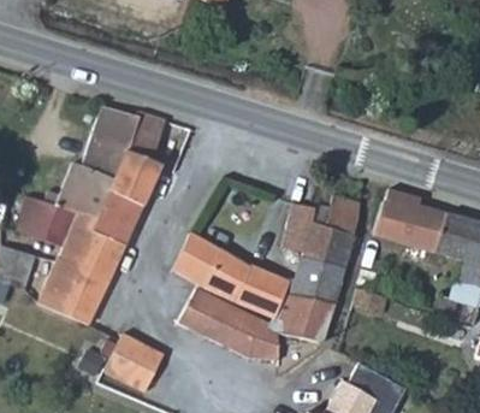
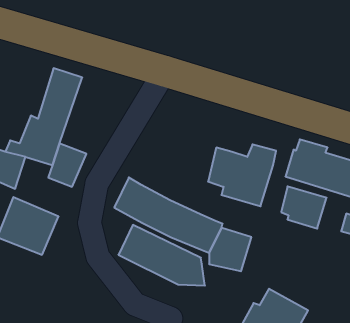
building: [112,113,167,206] -> none
building: [58,210,126,279] -> none
building: [294,254,346,303] -> [281,186,327,229]
building: [105,334,165,393] -> none

